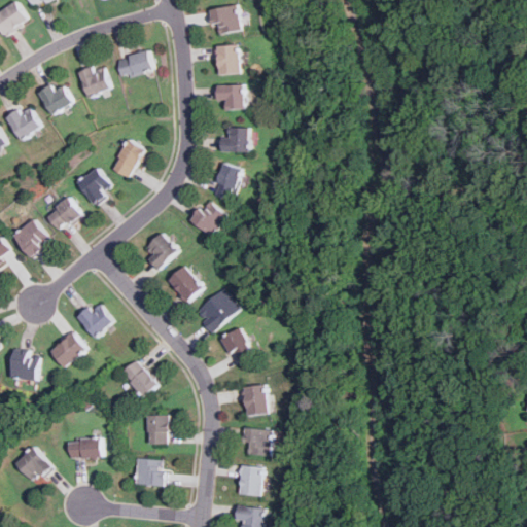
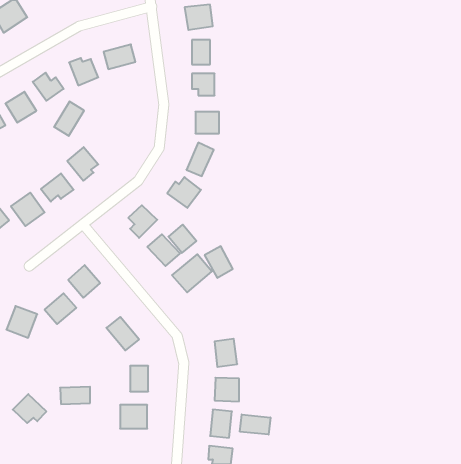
building: [110,139,144,178] -> [54,101,84,136]
building: none -> [168,225,196,253]
building: [220,327,252,363] -> [205,246,233,278]
building: none -> [240,414,270,435]

